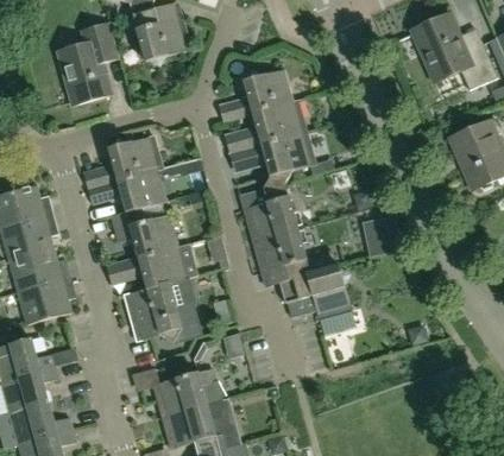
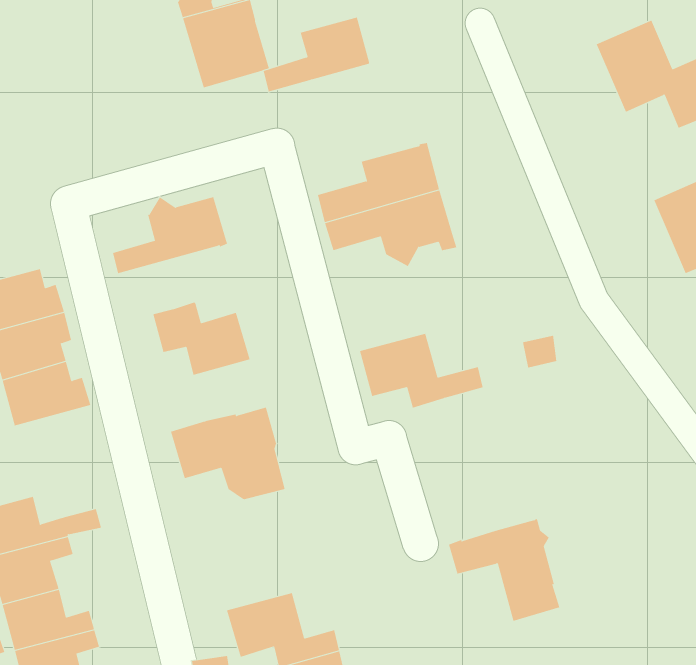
building: [58,25,118,102] -> none
building: [220,70,292,121] -> [263,17,370,92]
building: [88,170,166,213] -> none
building: [242,176,297,241] -> none
building: [109,243,199,289] -> none
building: [278,265,354,335] -> [448,518,560,622]
building: [18,278,75,324] -> none
building: [132,368,223,417] -> none

